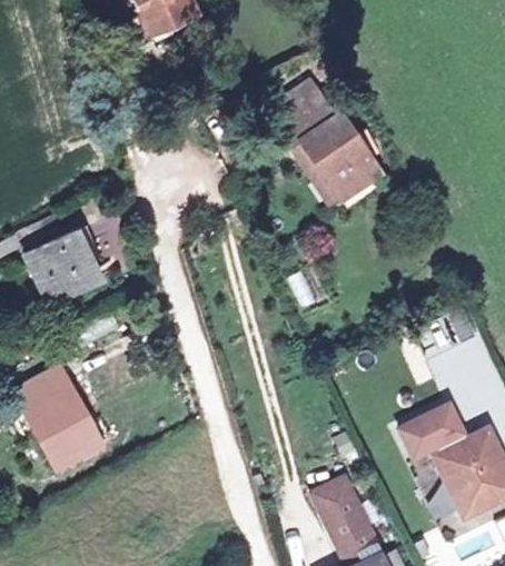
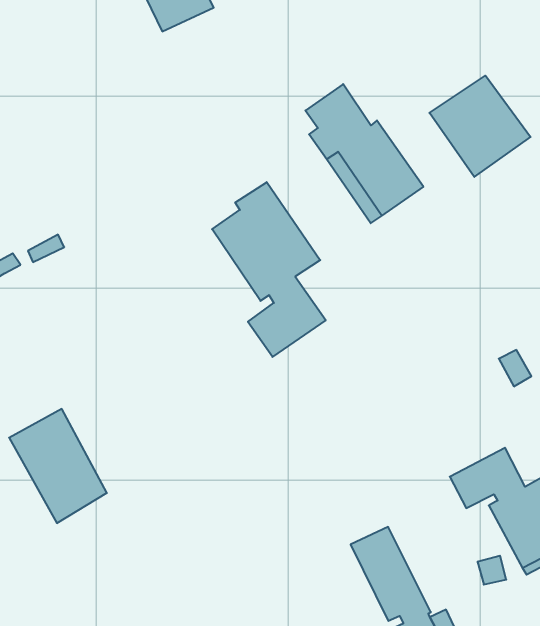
building: none -> [429,76,531,177]
building: none -> [212,182,326,357]
building: [22,216,113,296] -> none

